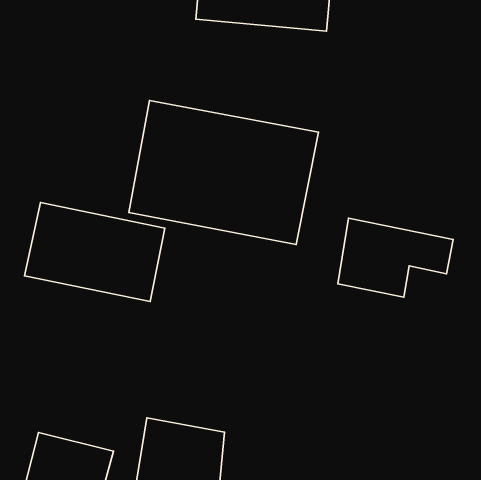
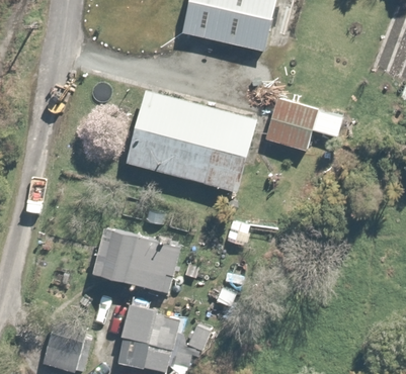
building: [25,202,165,301] -> [83,223,181,296]
building: [338,218,453,297] -> [263,96,344,153]

